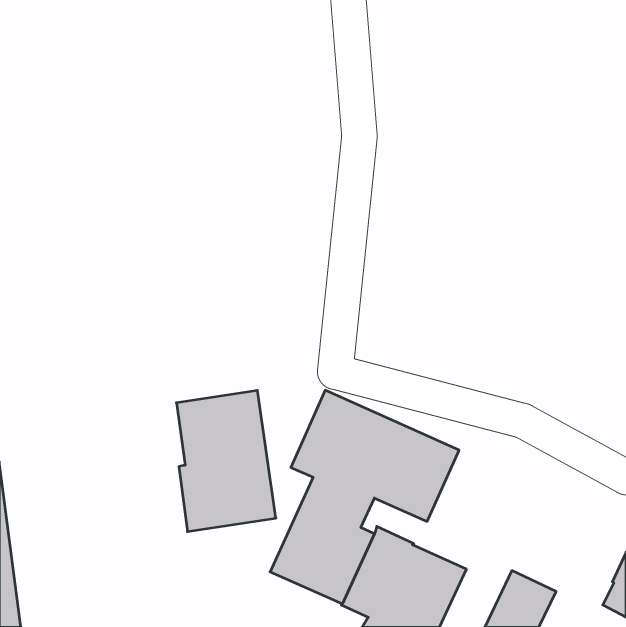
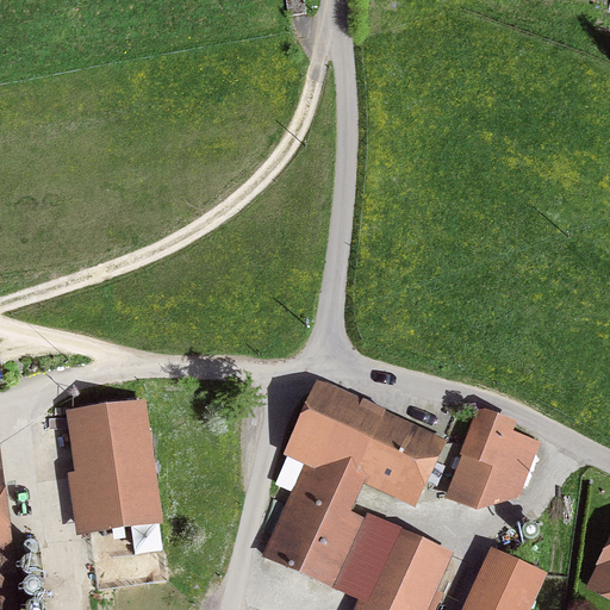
building: [176,390,276,532] -> [66,398,162,535]
building: none -> [443,406,539,510]

